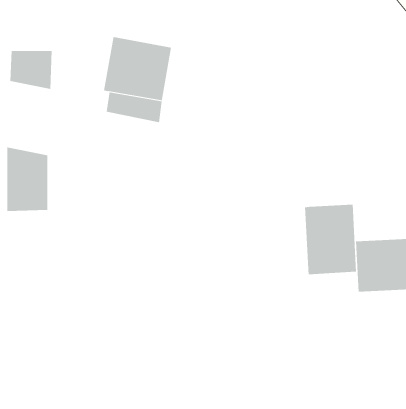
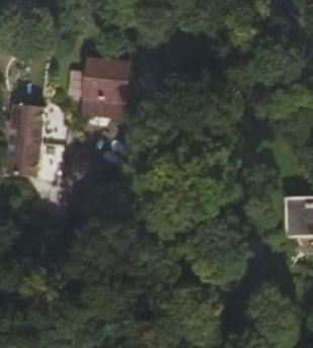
building: [10,50,53,89] -> [12,117,45,147]
building: [305,204,357,275] -> none

